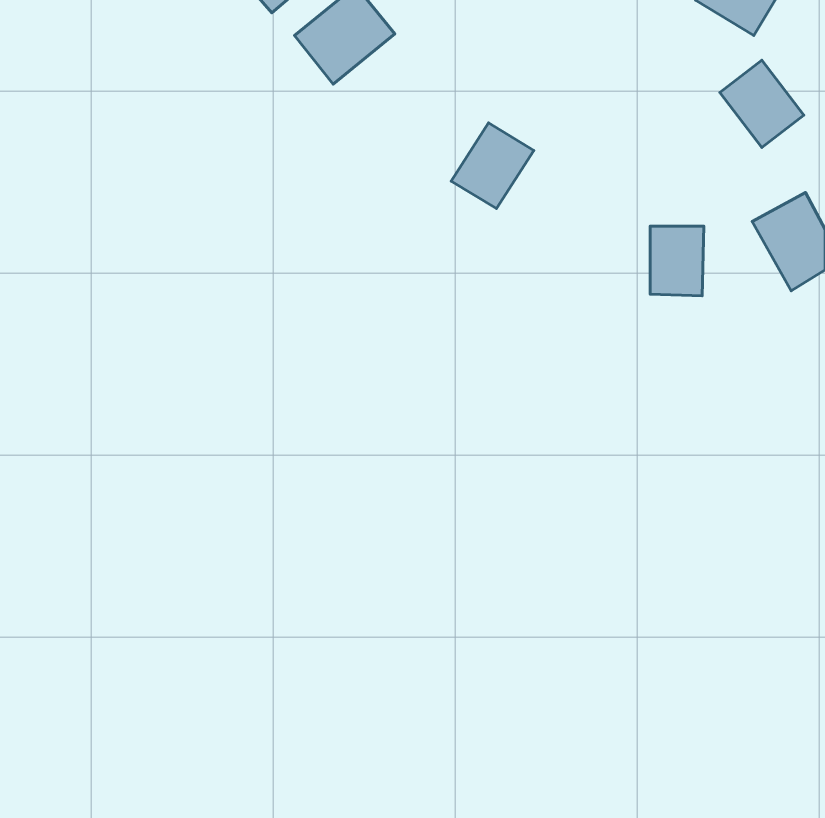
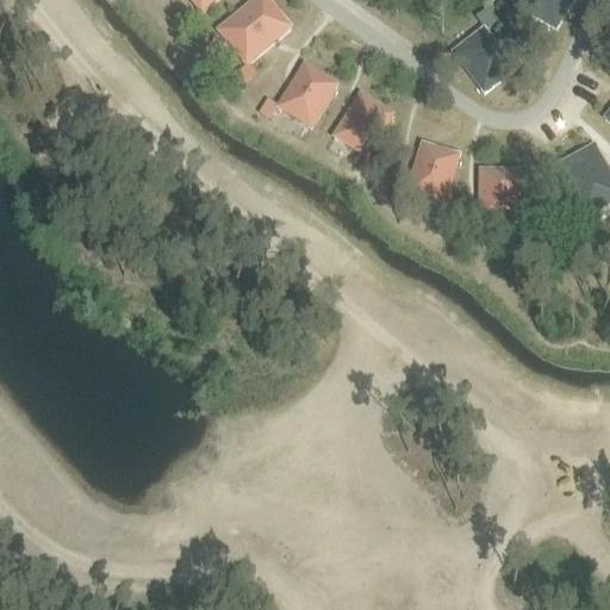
building: [720,60,804,147] -> [453,25,515,89]
building: none -> [278,61,337,125]
building: none -> [406,139,459,200]

